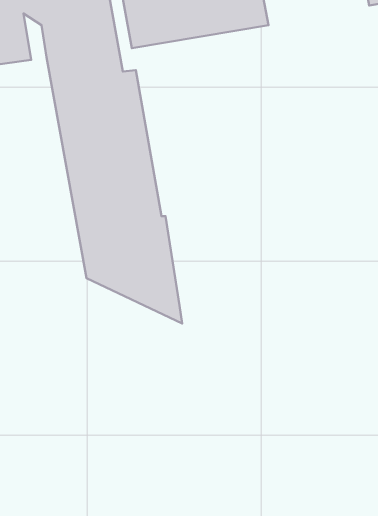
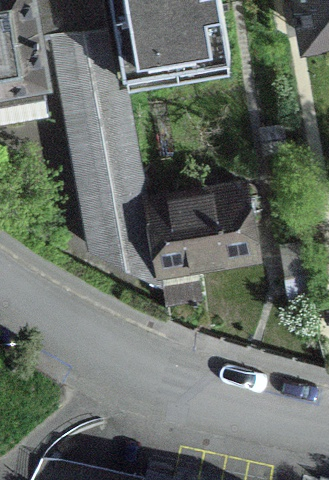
building: none -> [149,189,255,274]

